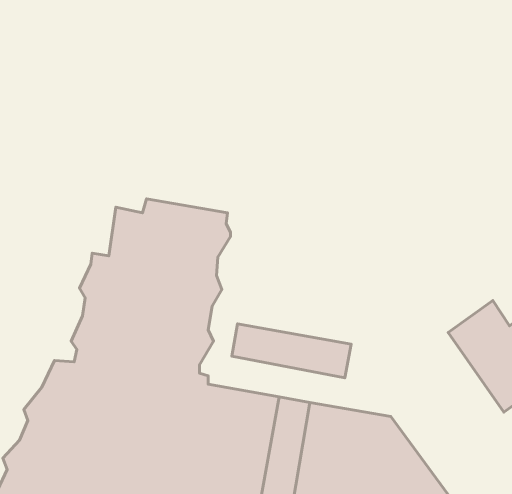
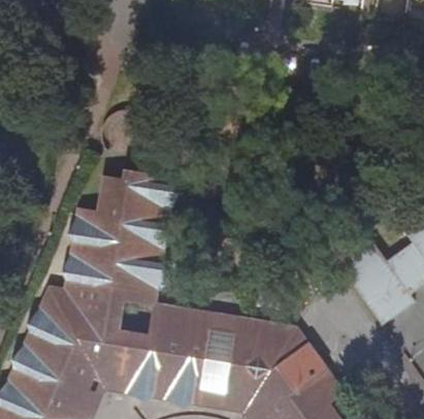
building: [232,324,351,378] -> none

